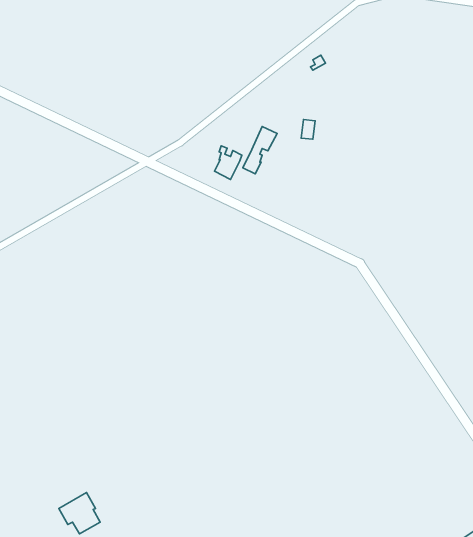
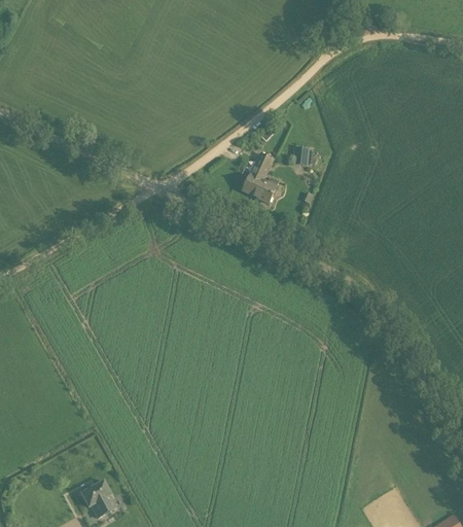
building: [214,146,242,179] -> [252,173,277,203]

